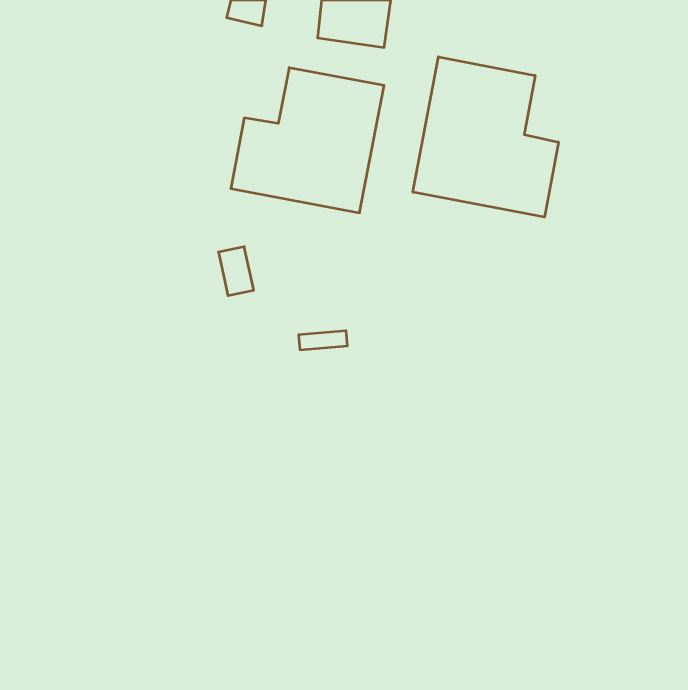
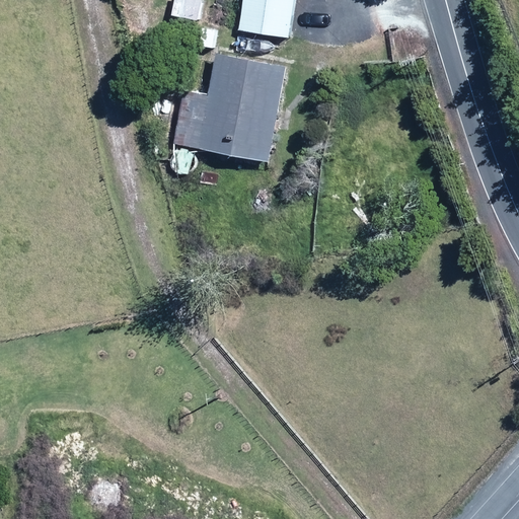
building: [413,57,558,217] -> none

